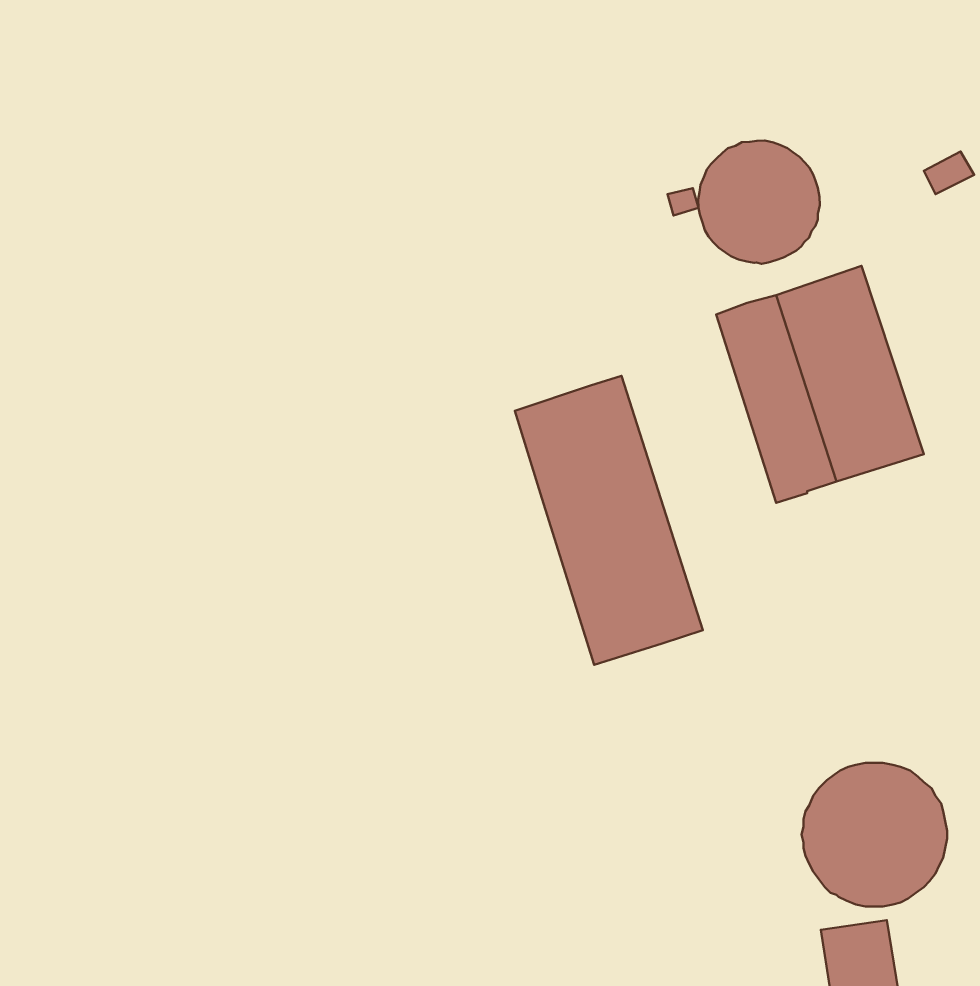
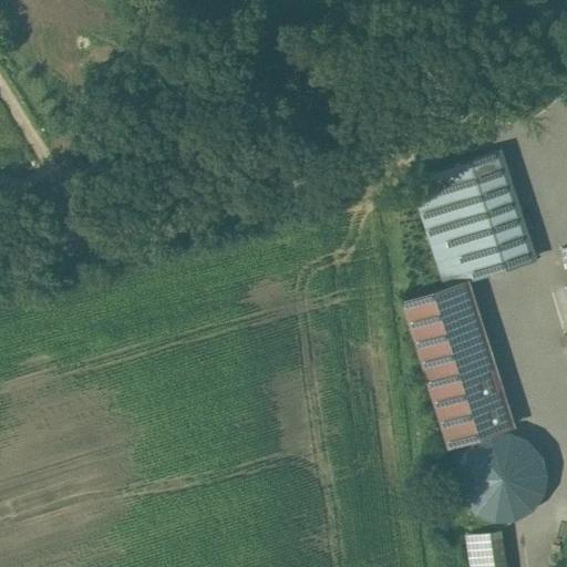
building: [698,140,820,264] -> none
building: [515,376,703,665] -> [406,285,514,450]

